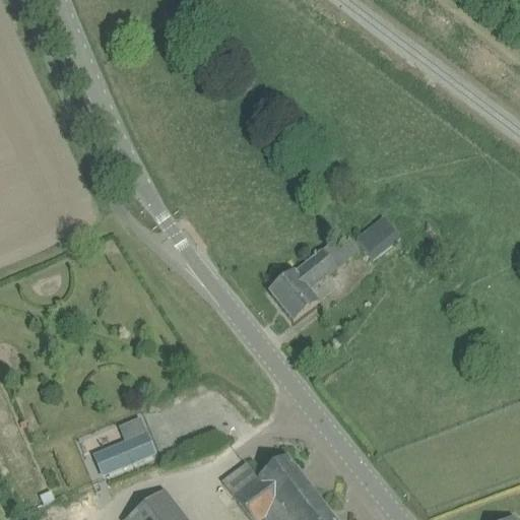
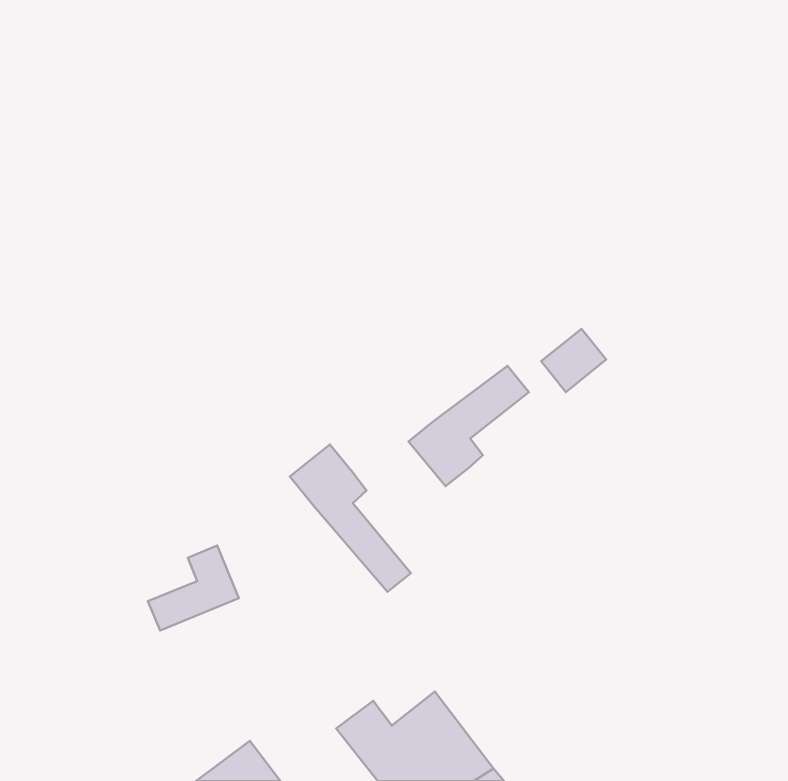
building: none -> [290,445,411,592]
building: [94,417,154,473] -> [148,546,239,630]

